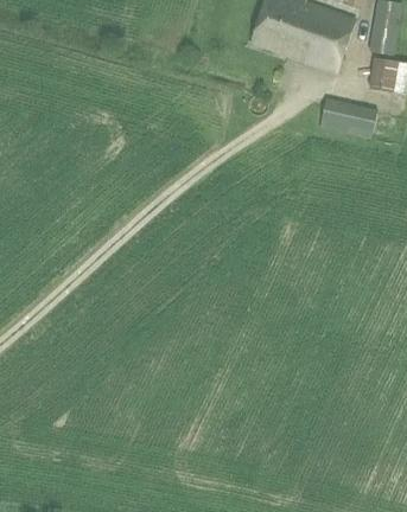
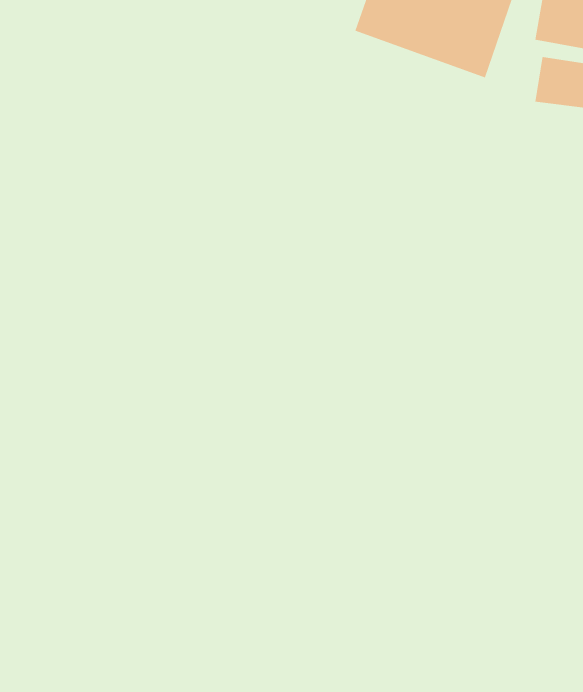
building: [320,98,377,137] -> none

